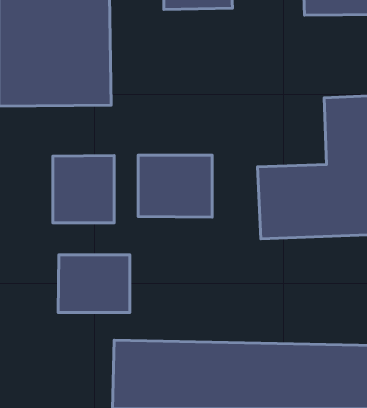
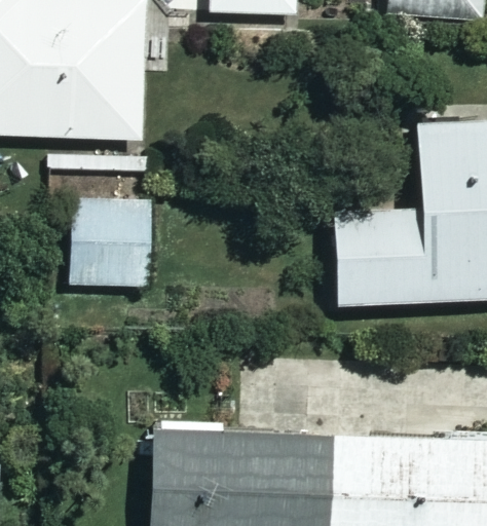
building: [138,155,212,217] -> none
building: [58,255,130,312] -> none

